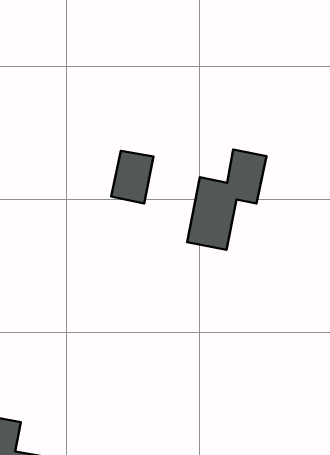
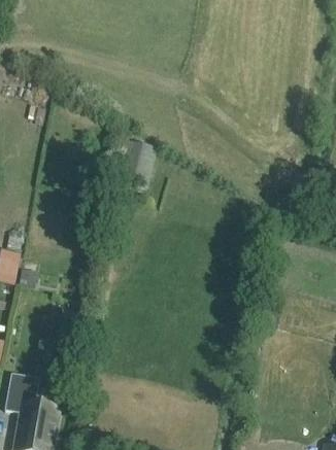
building: [187,150,267,250] -> none

